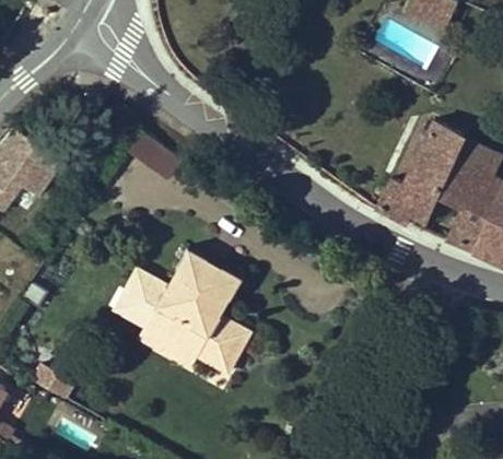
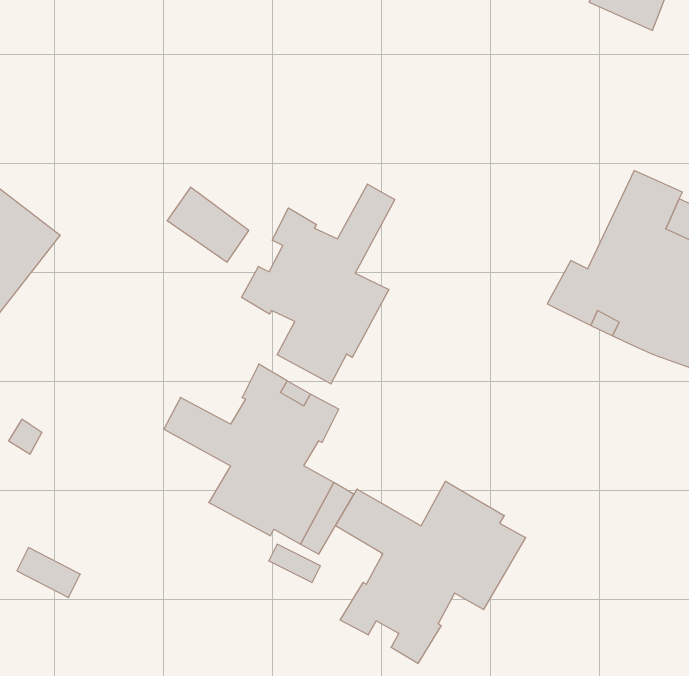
building: none -> [242,184,395,384]
building: [114,291,196,368] -> none
building: none -> [335,481,526,663]

